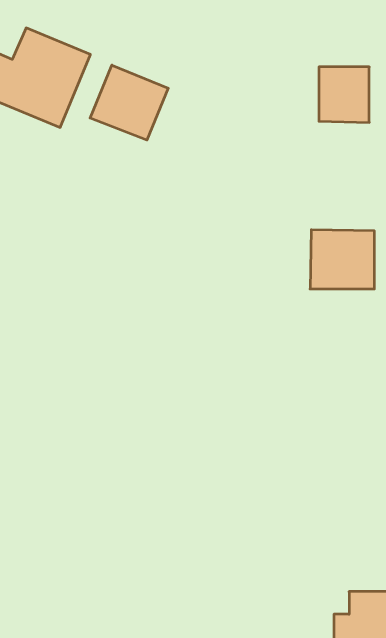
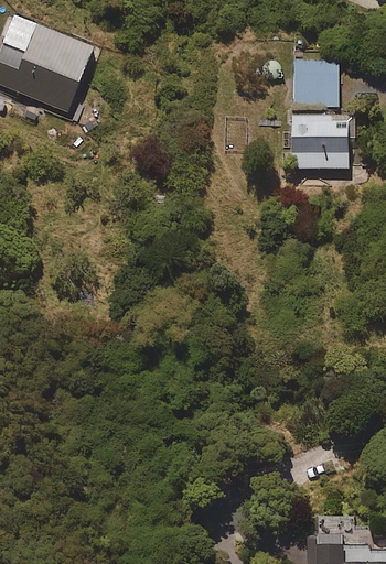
building: [90,65,168,140] -> none
building: [310,230,374,289] -> [291,116,347,167]

